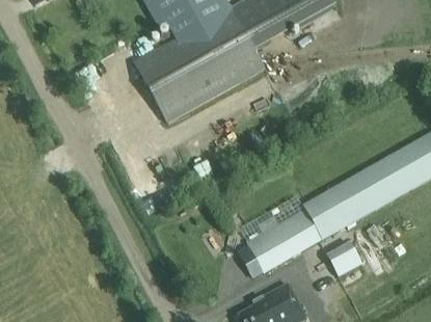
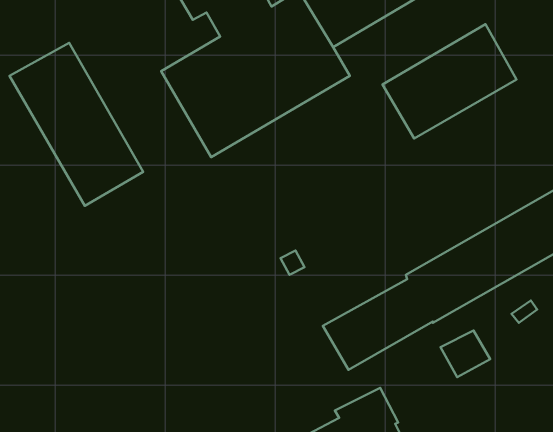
building: none -> [382,24,517,138]
building: none -> [10,43,143,206]

